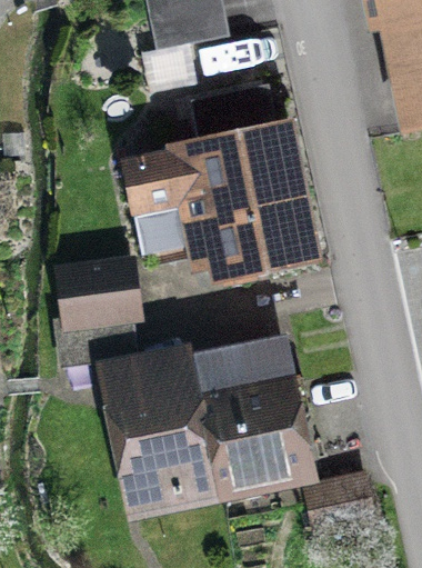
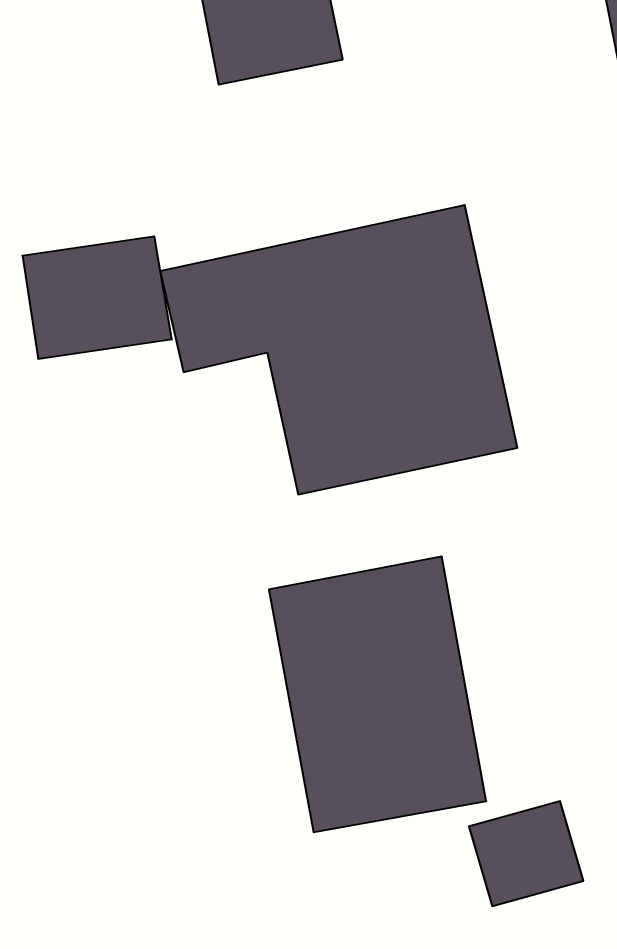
building: [52,259,138,329] -> [22,236,172,359]
building: [99,346,210,500] -> none

